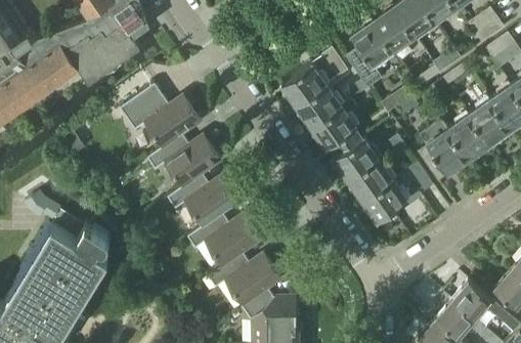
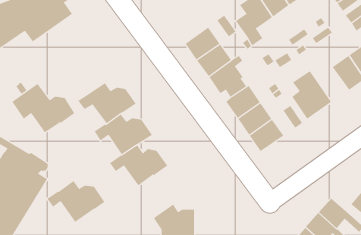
building: [120,85,201,148] -> [11,83,75,133]
building: [448,116,490,160] -> none
building: [207,253,281,307] -> [46,180,105,223]

